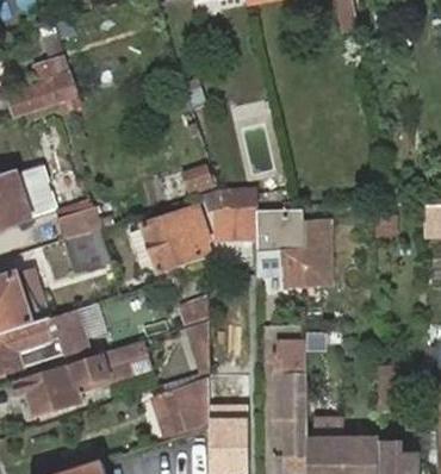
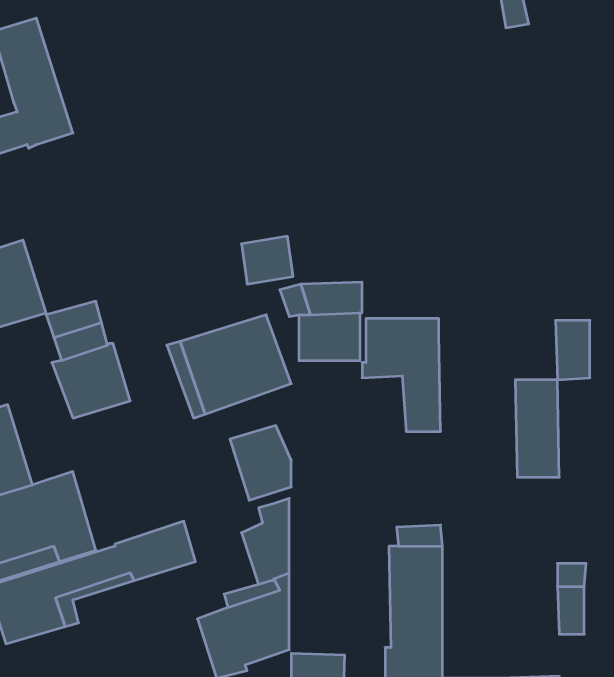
building: [303,222,330,282] -> [515,380,559,477]

